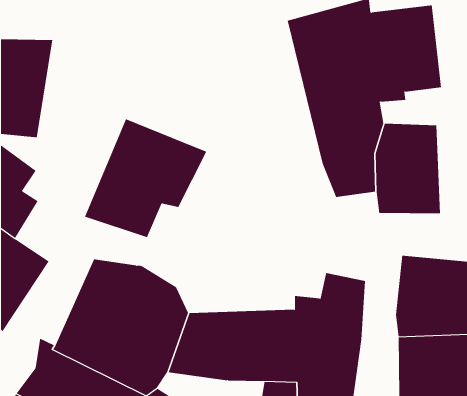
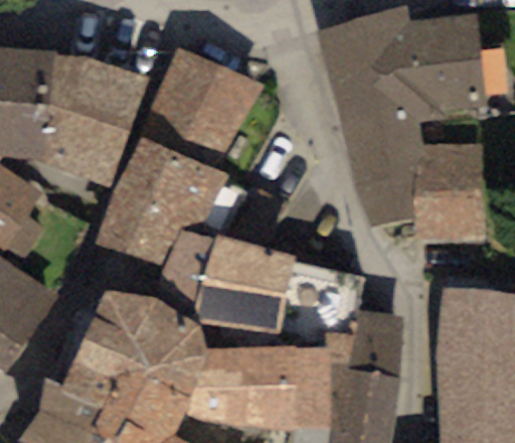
building: none -> [139,47,262,169]
building: none -> [42,51,149,185]
building: none -> [151,232,364,351]

